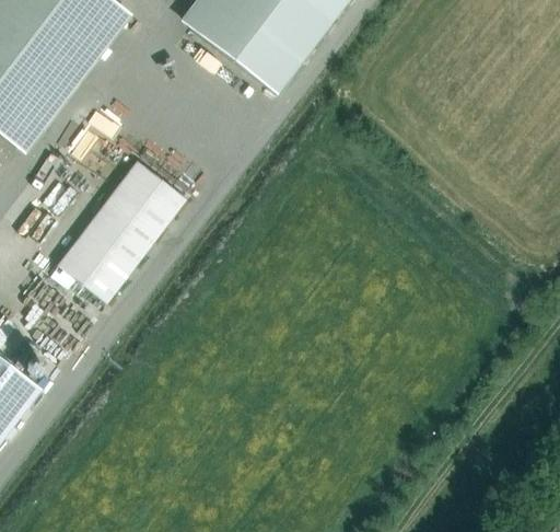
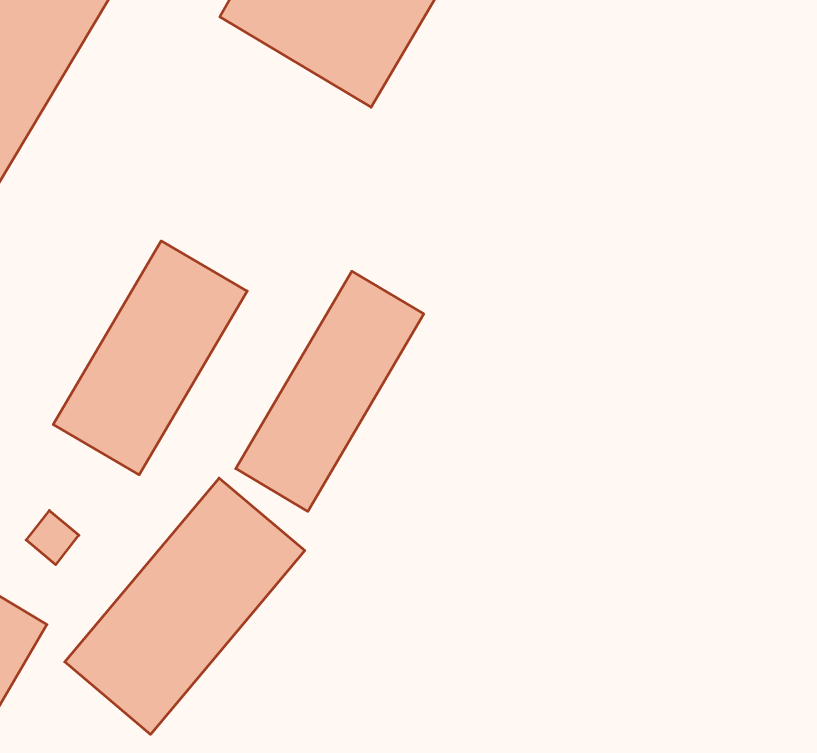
building: none -> [236,271,424,511]
building: none -> [65,478,305,734]

